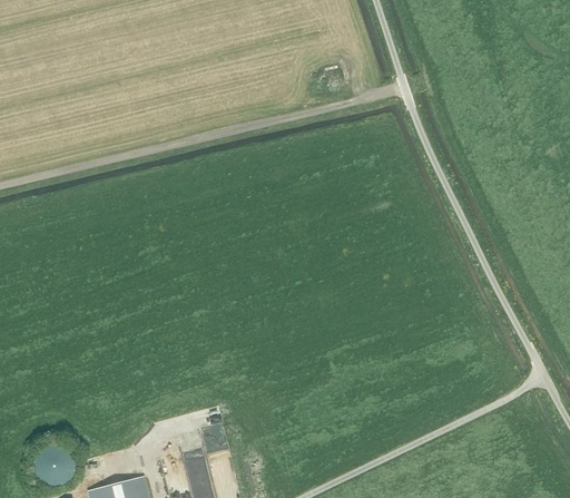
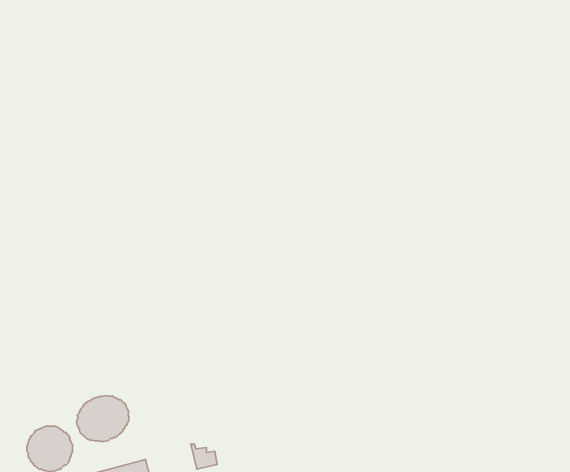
building: none -> [76,395,129,442]

